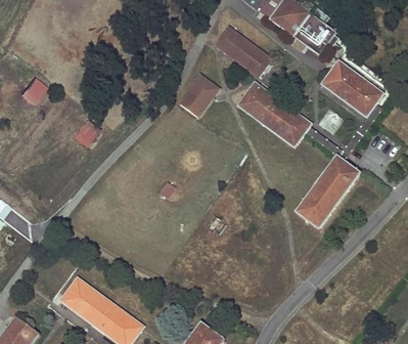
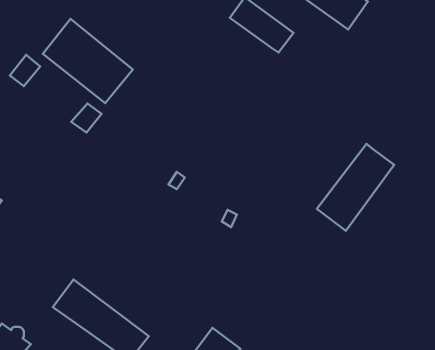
building: none -> [43,19,133,103]
building: [320,59,383,117] -> none
building: [179,76,217,117] -> none
building: [236,81,311,147] -> none

